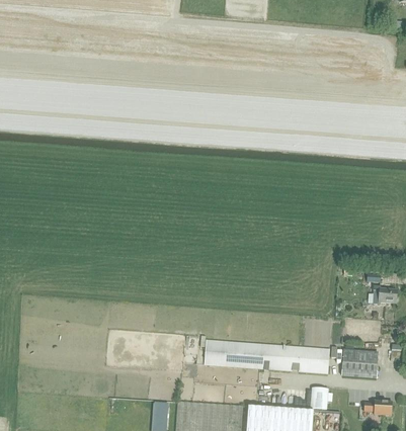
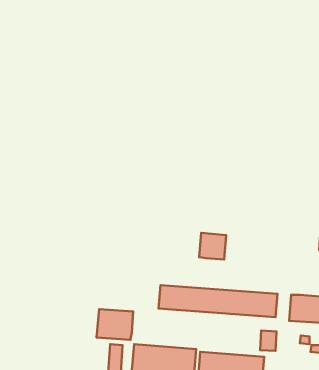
building: none -> [199,233,226,259]
building: none -> [96,309,133,340]

